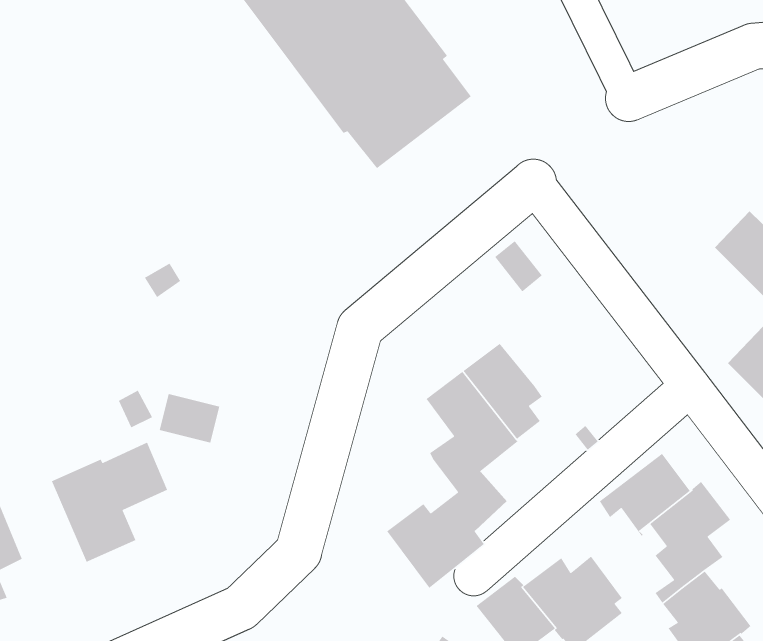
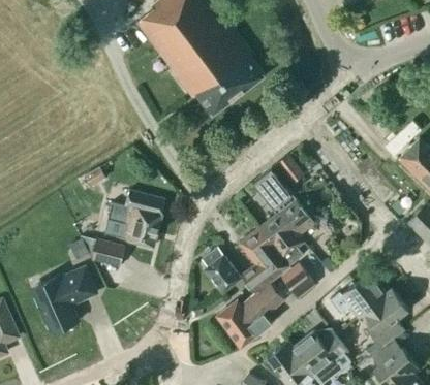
building: none -> [254,168,314,235]
building: none -> [108,190,164,249]
building: none -> [203,247,243,292]
building: none -> [281,263,315,299]

